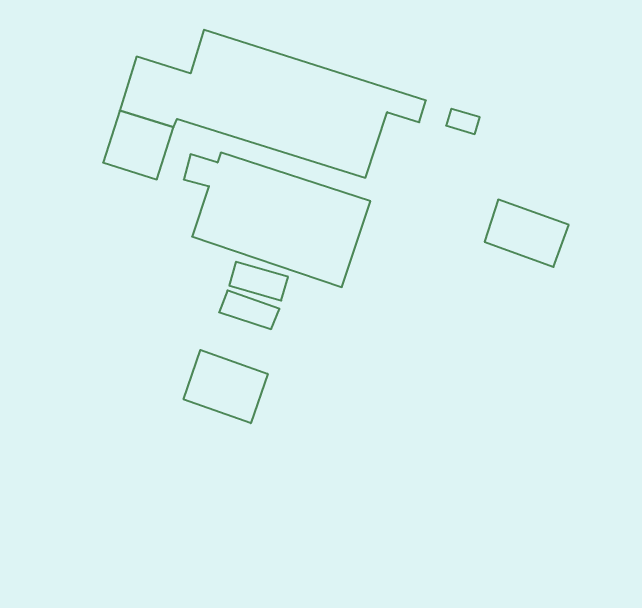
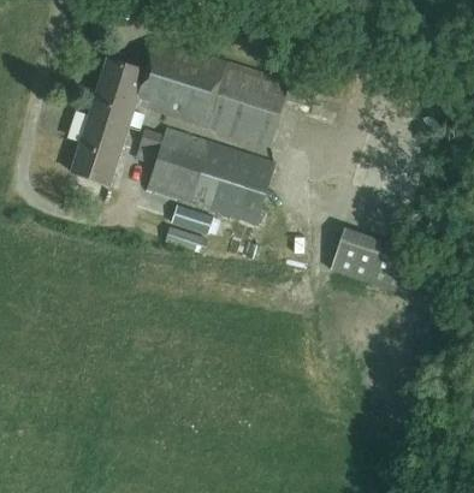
building: none -> [70,135,120,185]
building: [485,200,569,267] -> [332,227,392,275]
building: [184,350,268,423] -> none

